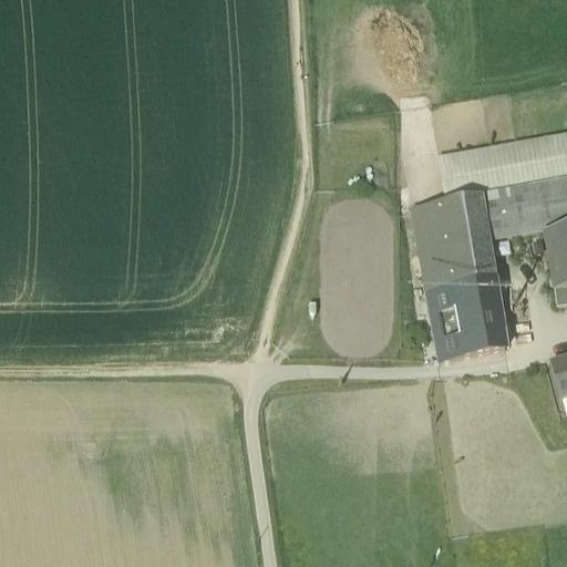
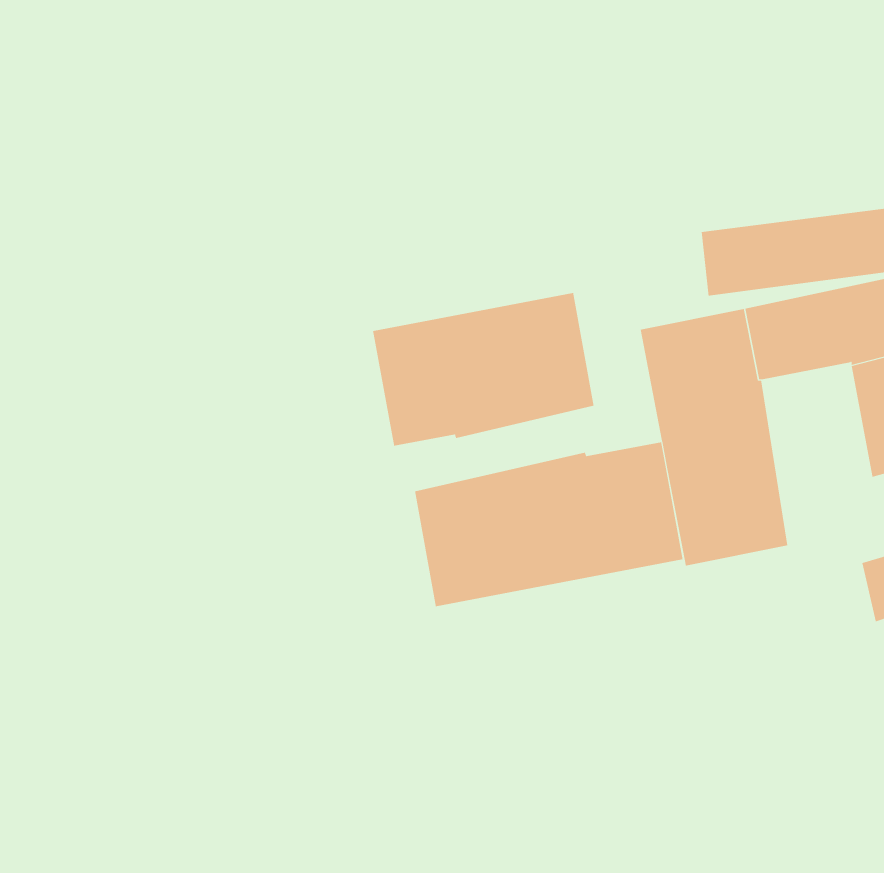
building: none -> [373,292,594,446]
building: none -> [415,442,683,607]

